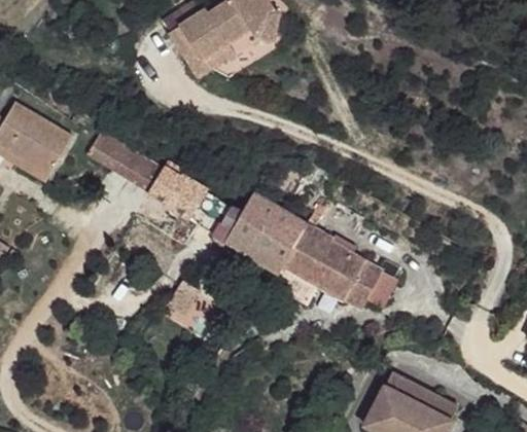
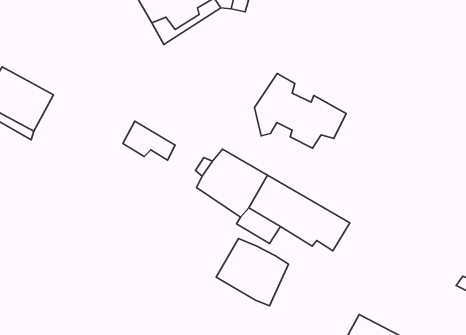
building: none -> [255,73,346,148]
building: [87,129,159,189] -> none
building: none -> [216,239,288,306]

